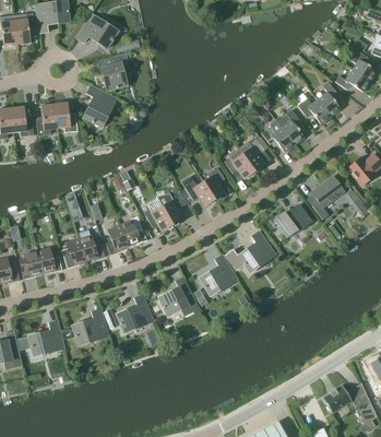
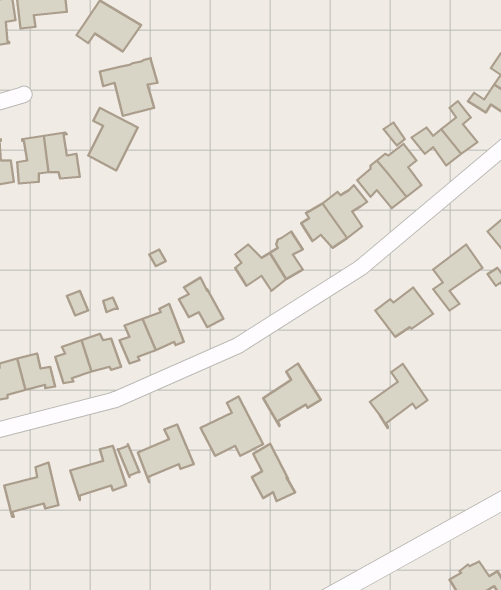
building: [156,193,183,225] -> none
building: [237,231,275,273] -> [370,364,427,428]
building: none -> [252,444,295,501]

